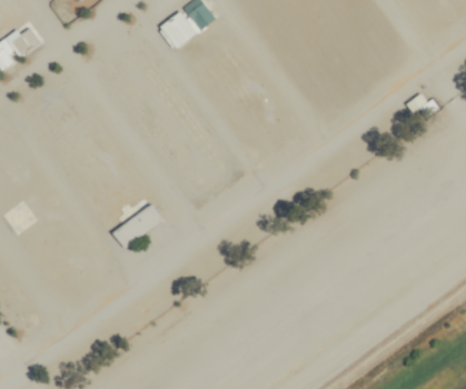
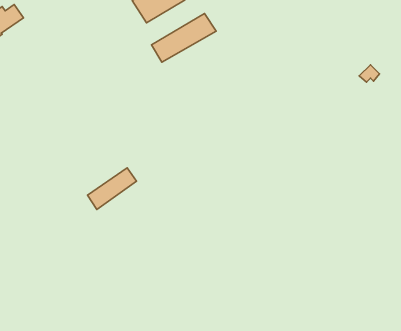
building: none -> [152,13,216,62]

